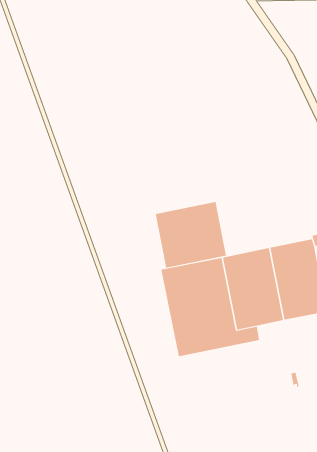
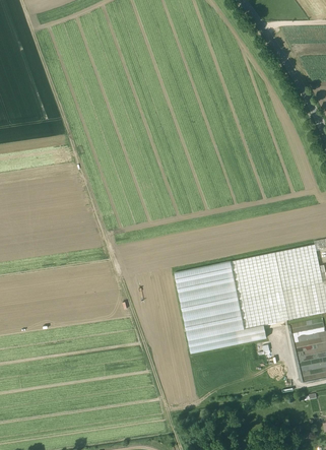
building: [155,201,226,269] -> none

